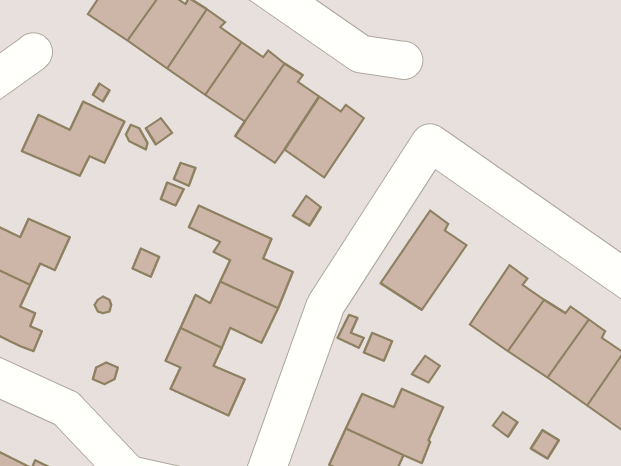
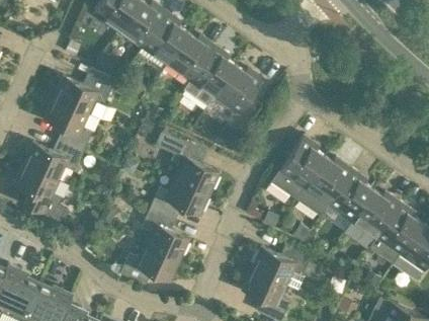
building: none -> [44,98,91,151]
building: none -> [297,156,351,213]
building: none -> [119,244,179,285]

